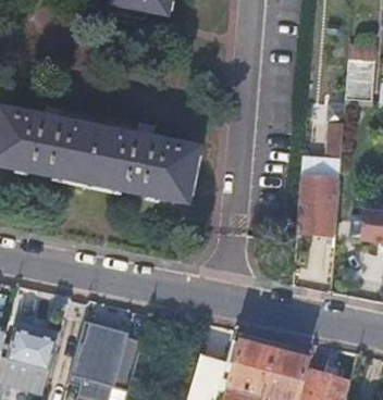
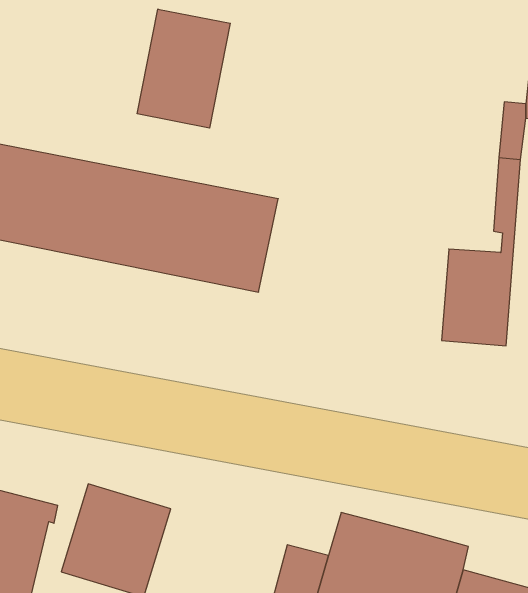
building: none -> [137,9,230,128]

